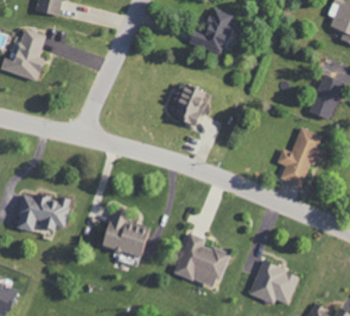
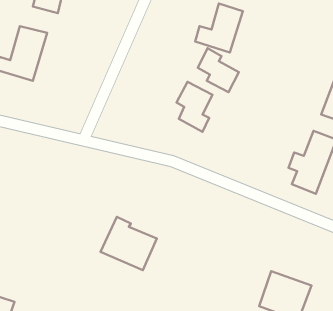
building: none -> [198,48,239,92]
building: [15,193,70,232] -> none
building: [174,233,228,288] -> none

